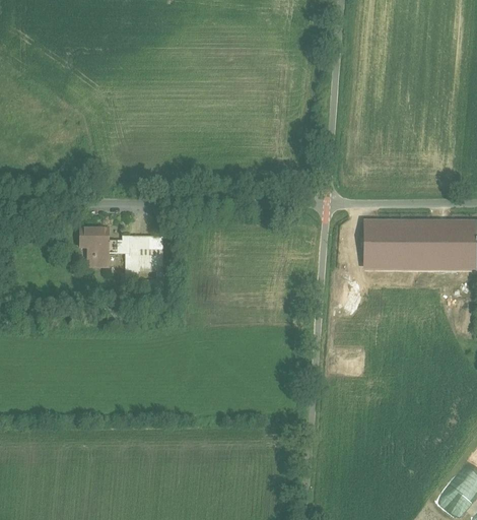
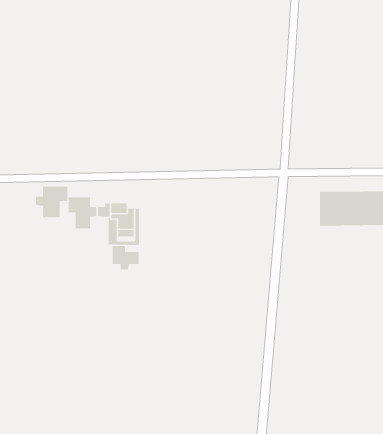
building: none -> [36,186,68,218]
building: none -> [112,245,139,270]

